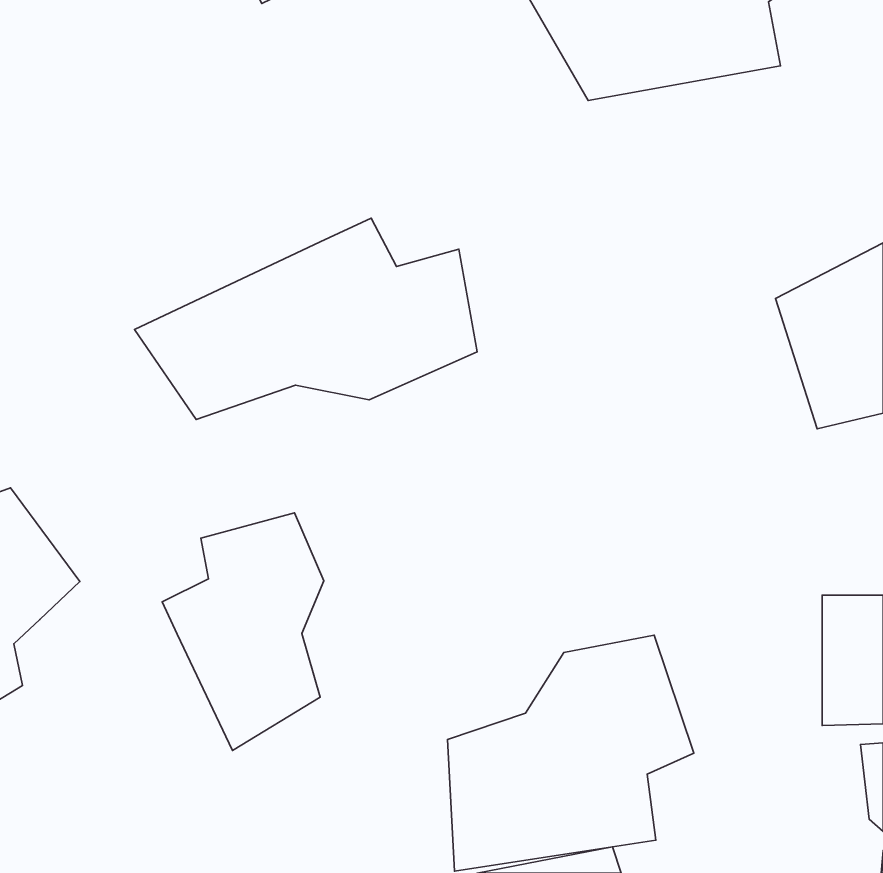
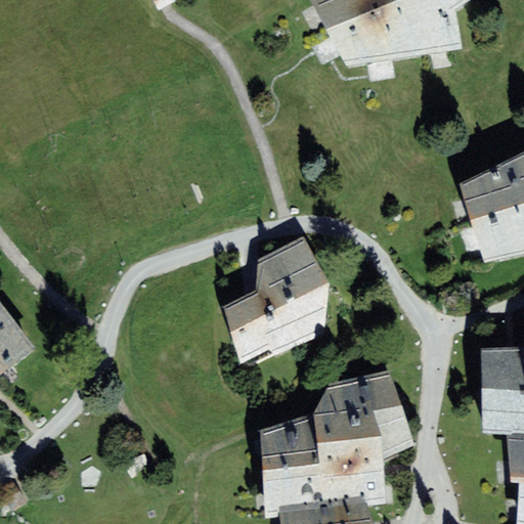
building: [134,218,477,420] -> none
building: none -> [225,236,325,359]
building: [162,513,324,751] -> none

